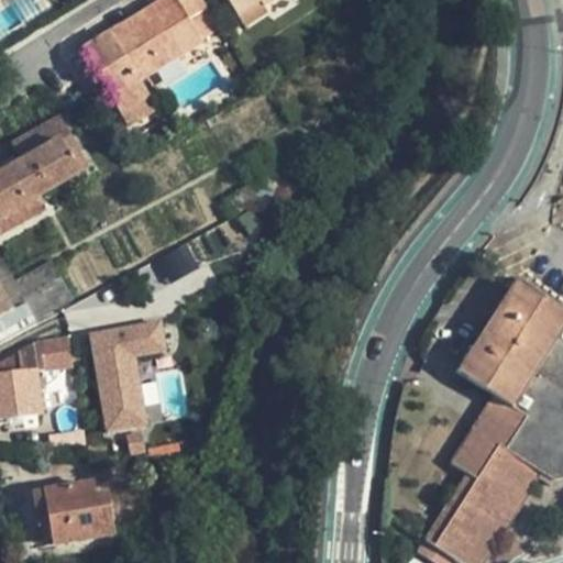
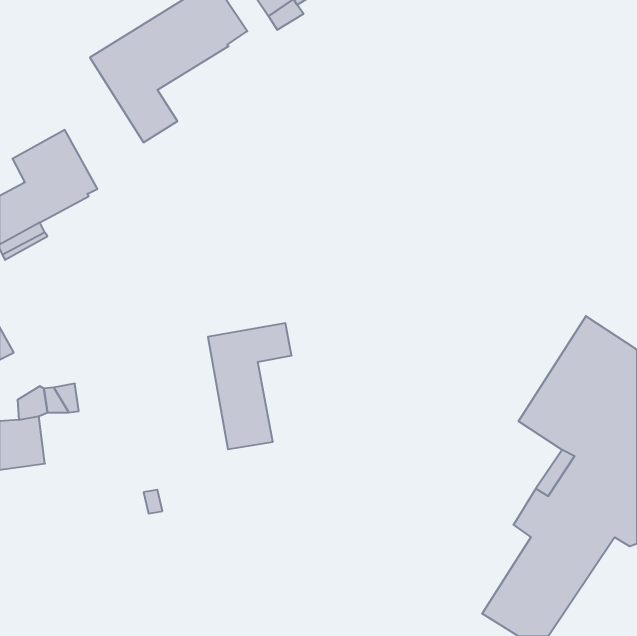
building: [90,320,164,431] -> [208,323,292,449]
building: [32,483,112,543] -> none

